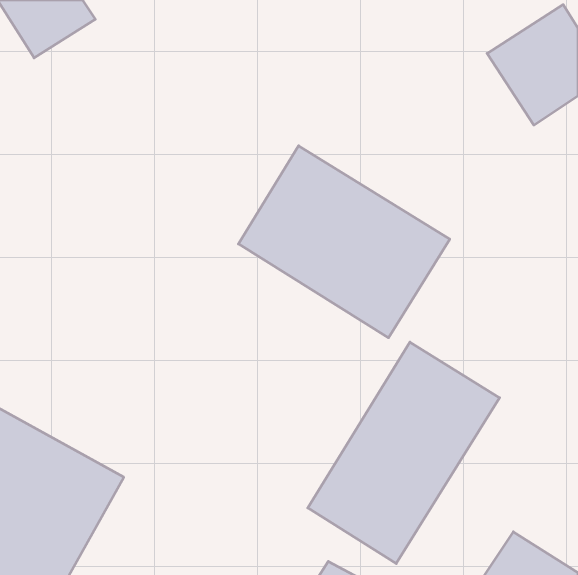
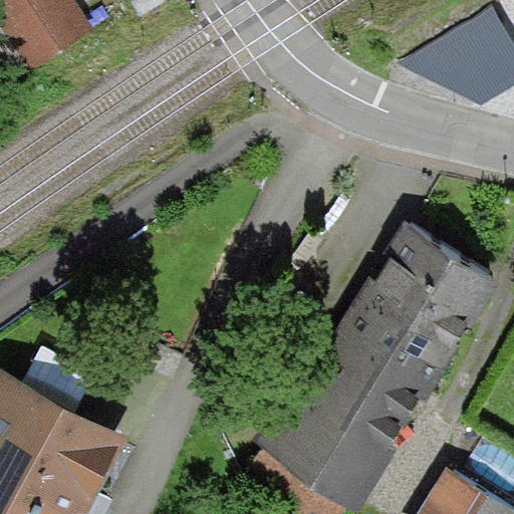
building: [238,146,450,338] -> none
building: none -> [362,230,490,356]

